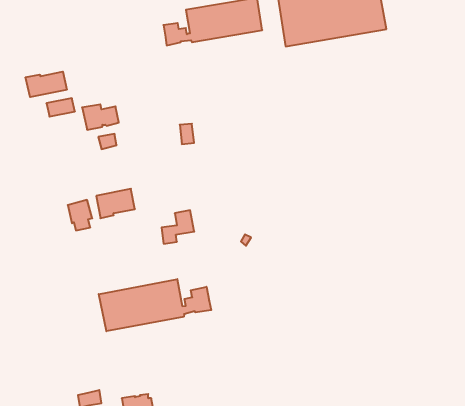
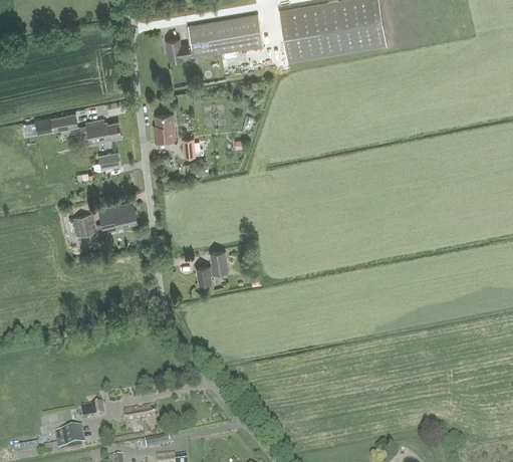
building: [26,72,67,97] -> none
building: none -> [153,112,176,142]
building: [162,210,194,244] -> [196,250,228,283]
building: [99,279,211,331] -> none

